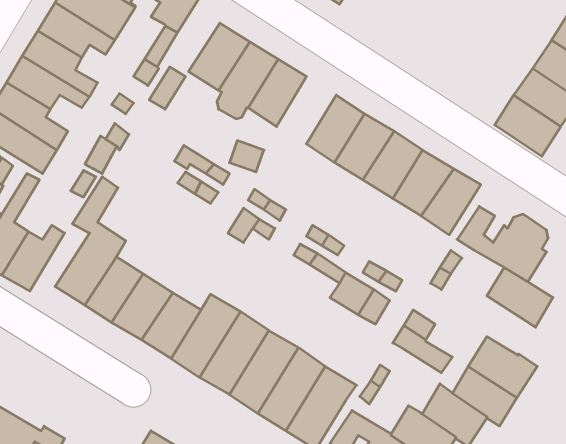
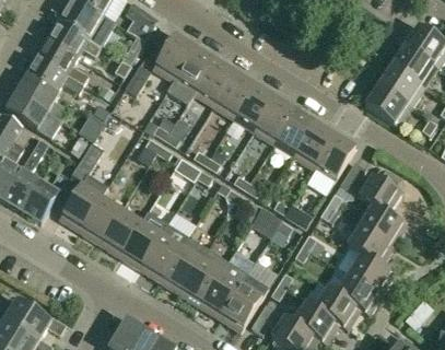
building: none -> [213,69,255,116]
building: none -> [347,222,394,264]

